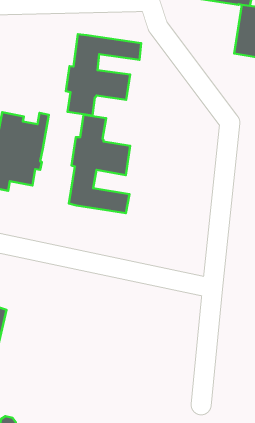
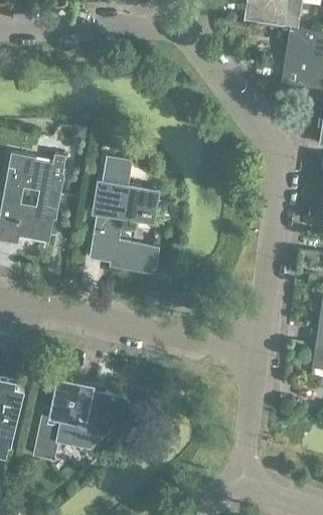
building: [66,34,141,115] -> none
building: none -> [33,377,130,462]

